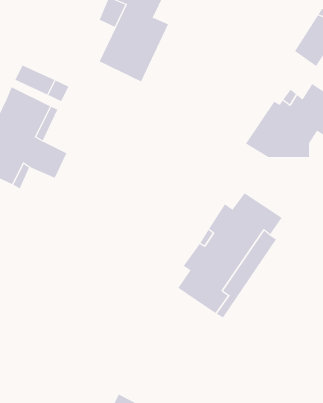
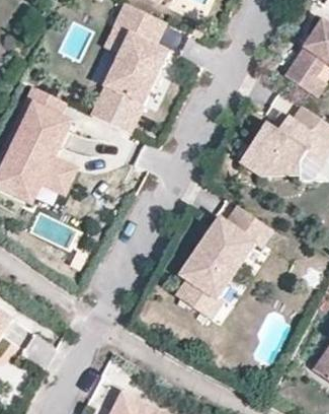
building: none -> [89,85,143,134]

